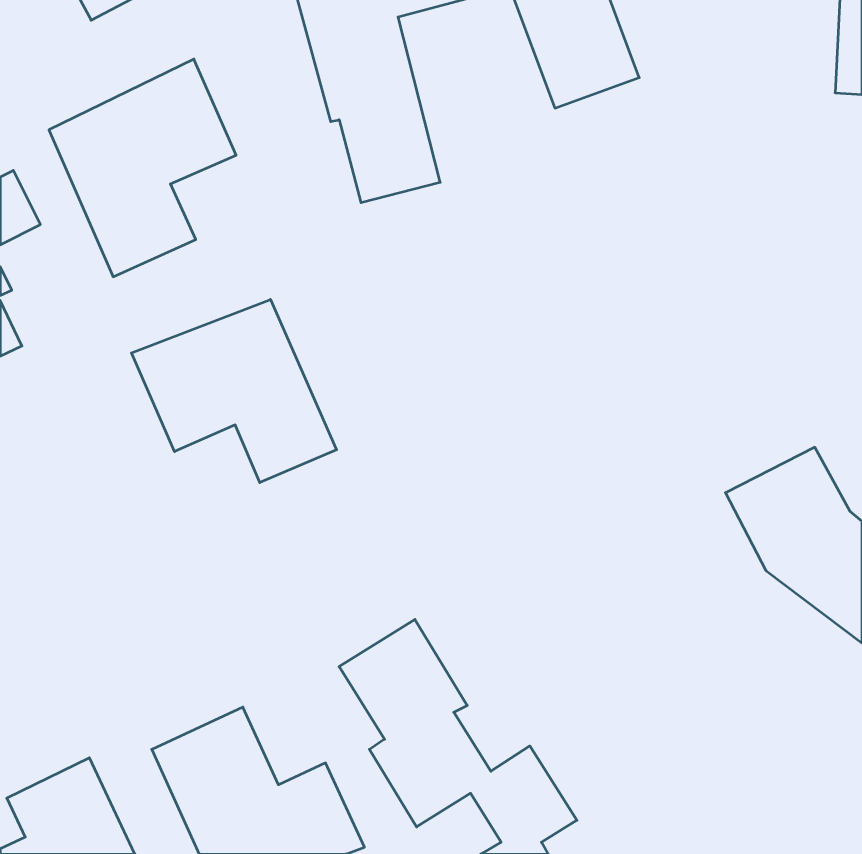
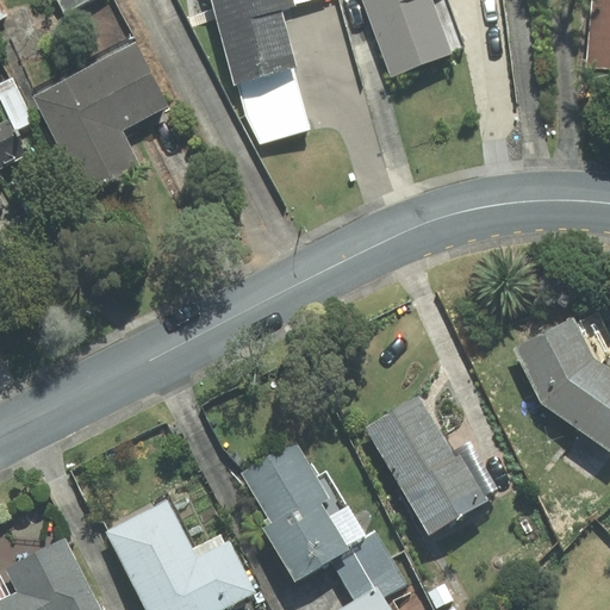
building: [131,299,337,483] -> none
building: none -> [366,396,488,535]

